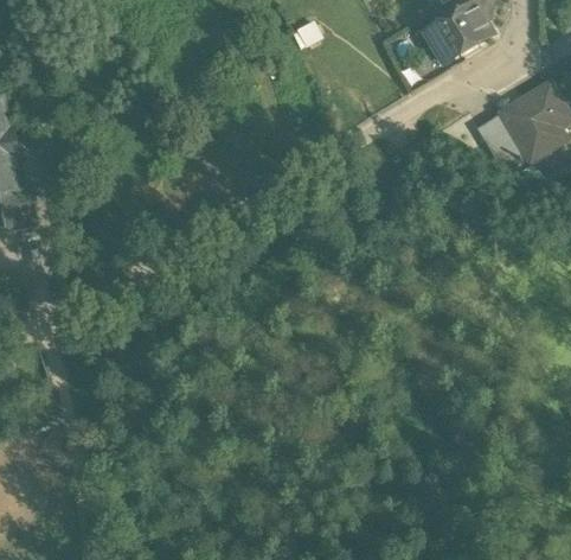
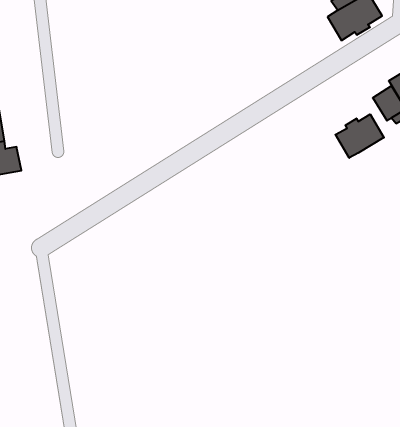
building: none -> [335,114,384,158]

